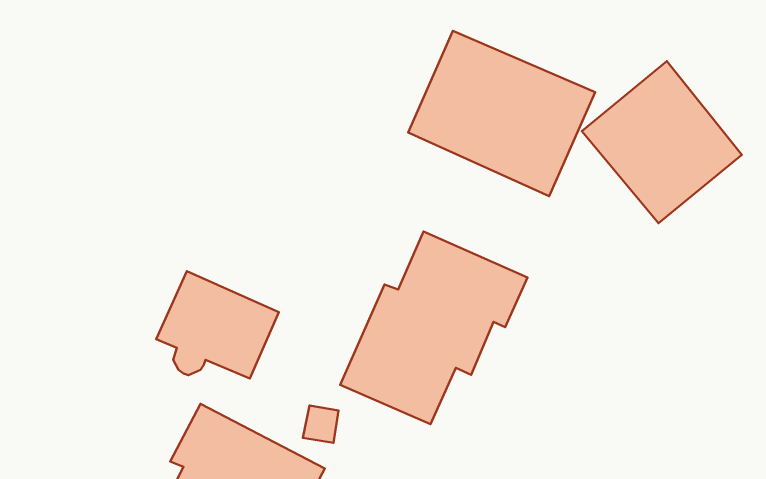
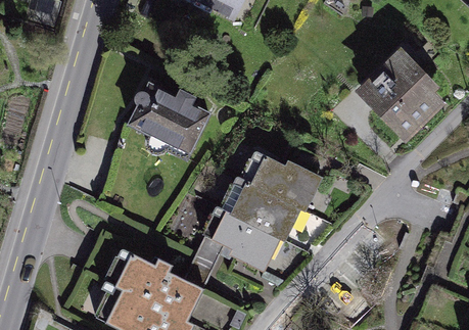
building: [408,31,595,196] -> none
building: [156,271,279,379] -> [138,72,212,136]

